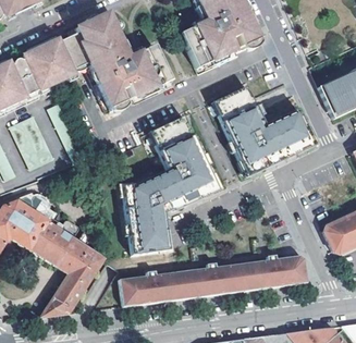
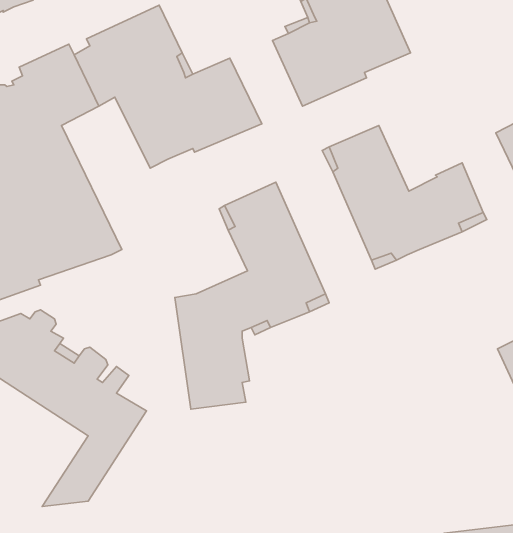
building: [120,254,308,306] -> none

